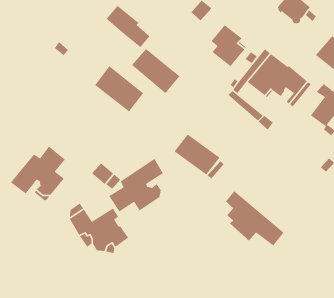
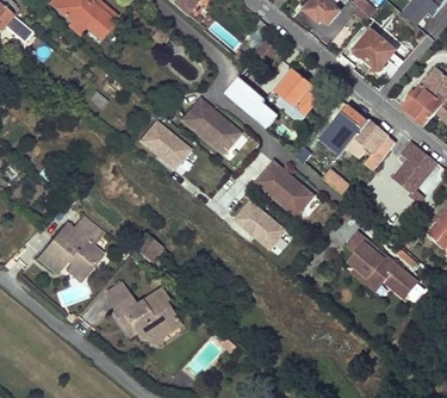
building: [105,5,151,48] -> [225,77,279,129]
building: none -> [255,161,313,216]
building: [108,158,164,213] -> none
building: [225,190,284,246] -> [347,230,417,297]

